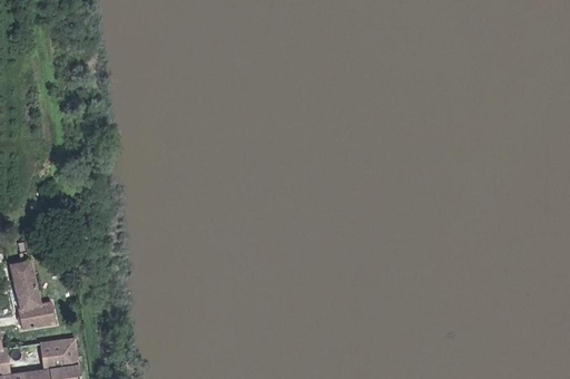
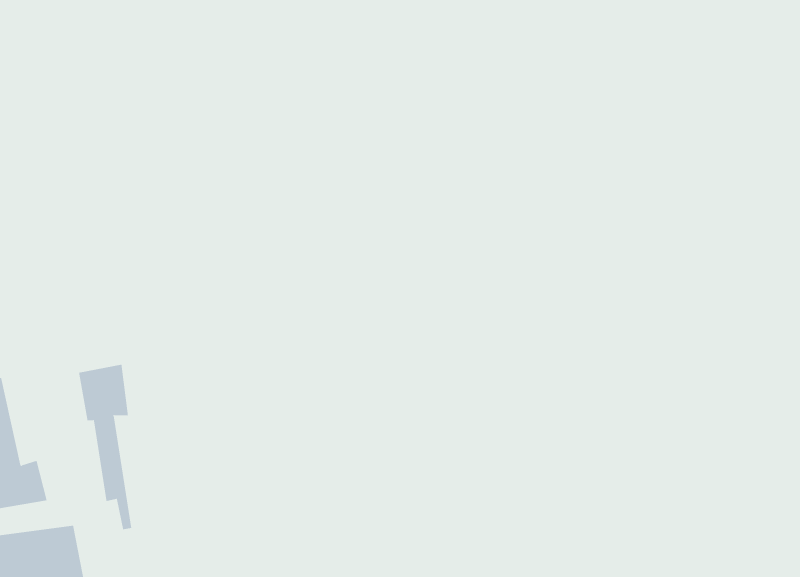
building: none -> [78,364,132,530]

